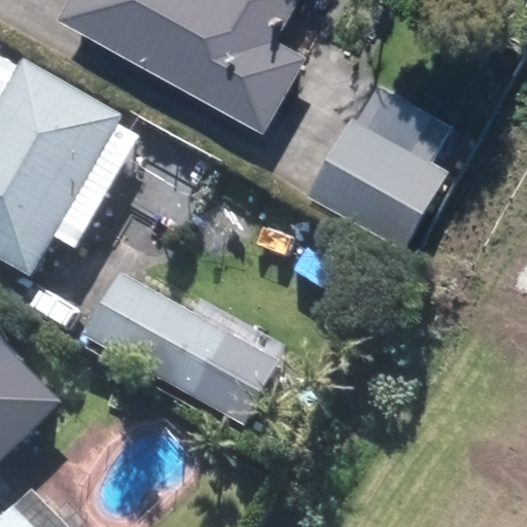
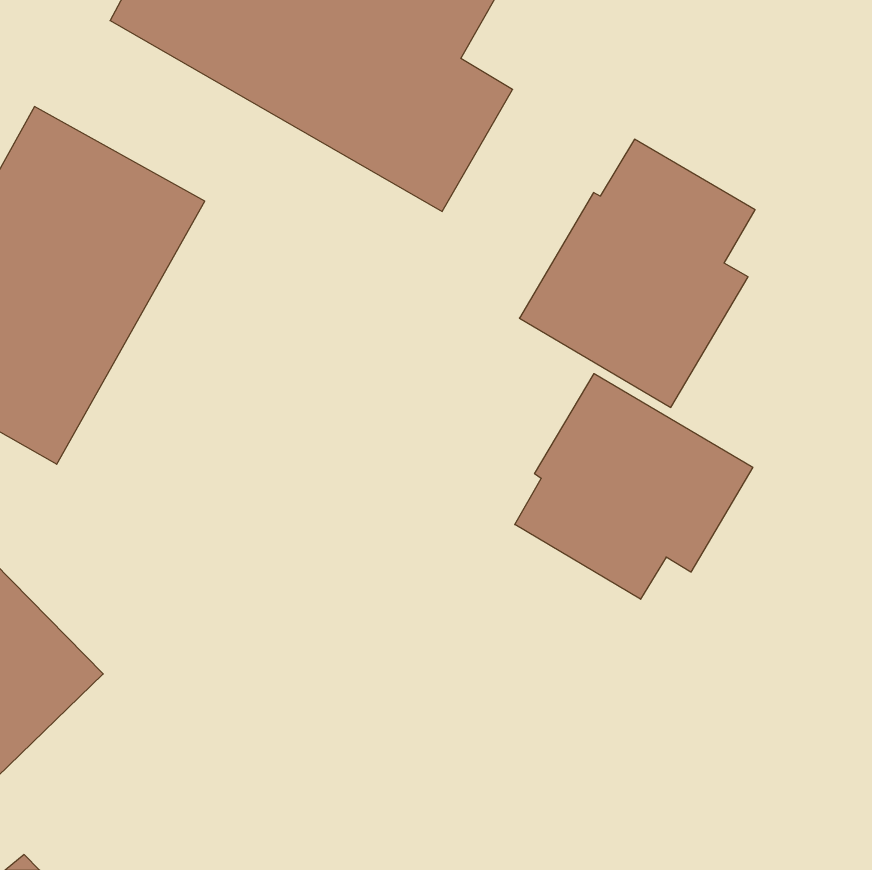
building: none -> [515,374,753,599]
building: [87,275,278,426] -> none

